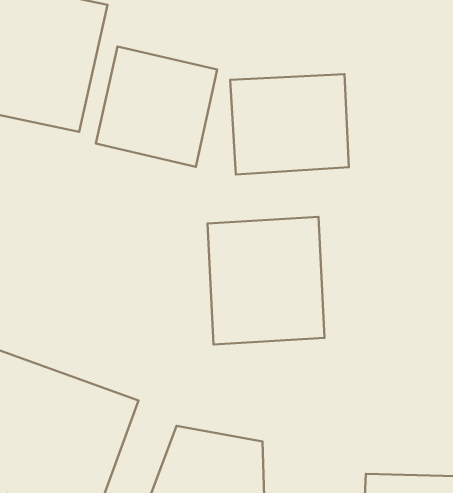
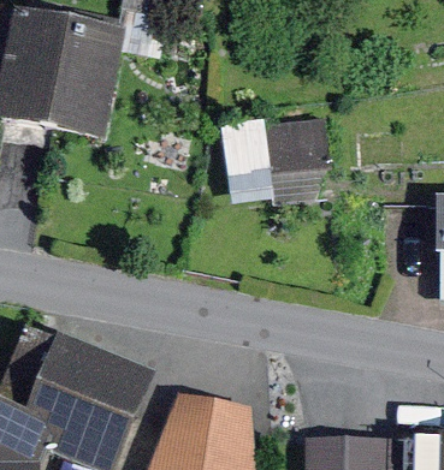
building: [96,46,217,167] -> none
building: [207,217,324,344] -> none

